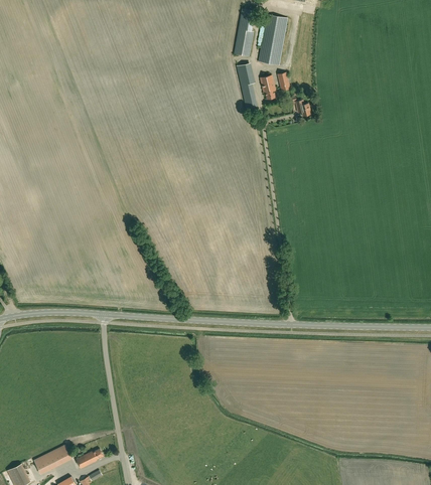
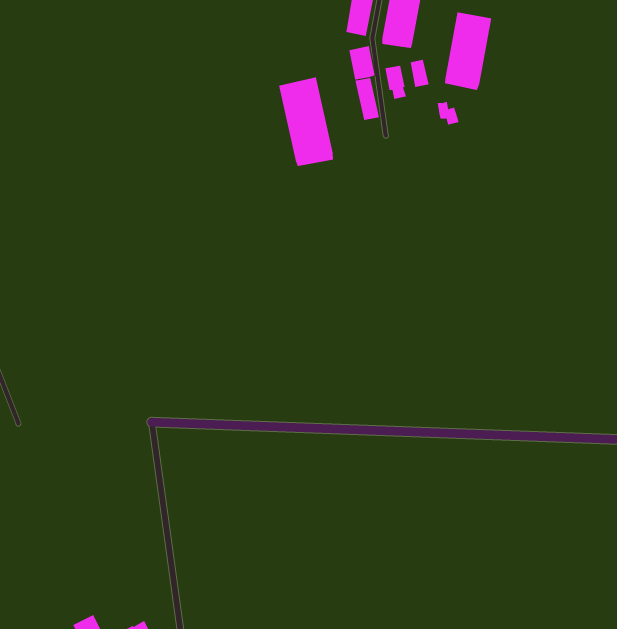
building: none -> [445,11,492,91]
building: none -> [279,77,334,167]

